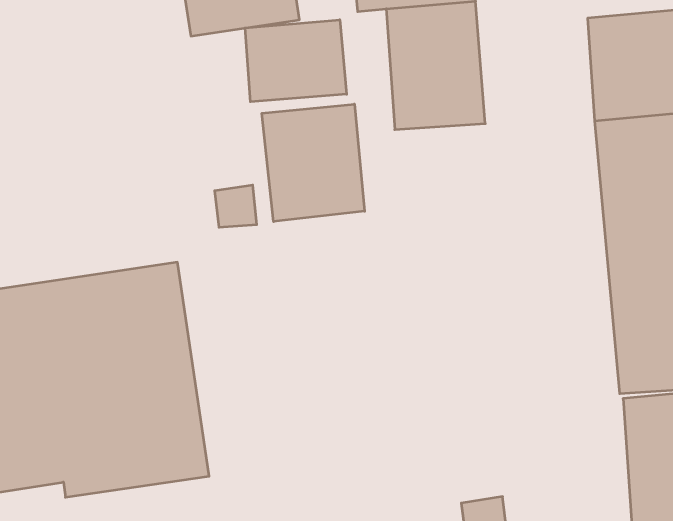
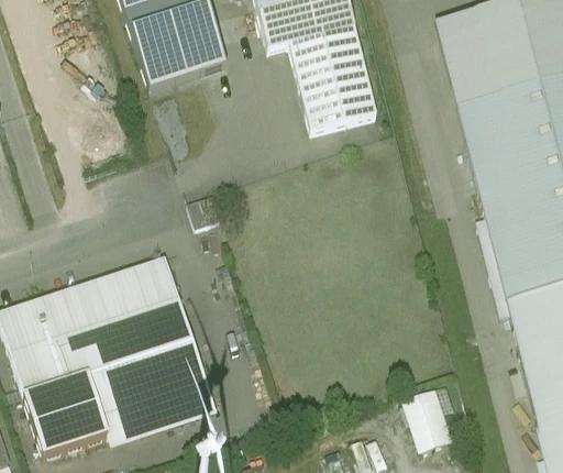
building: [245,20,347,102] -> none
building: [262,104,365,222] -> none

